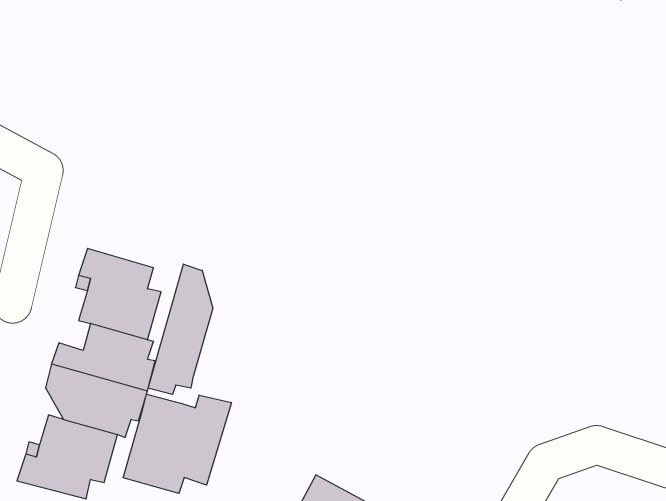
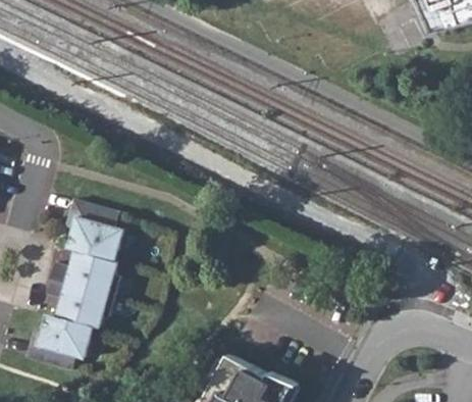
building: [148,264,213,394] -> none
building: [123,394,231,493] -> none

